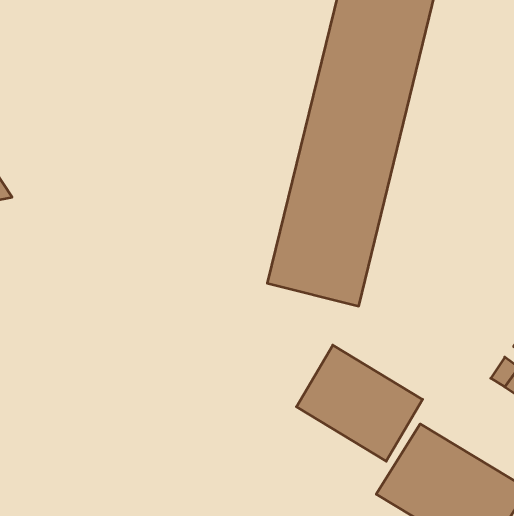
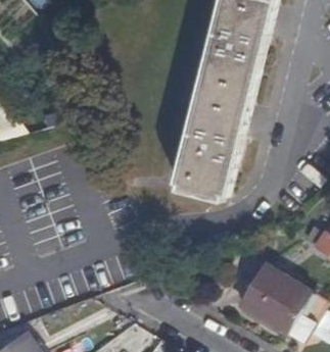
building: [296,345,423,461] -> none

